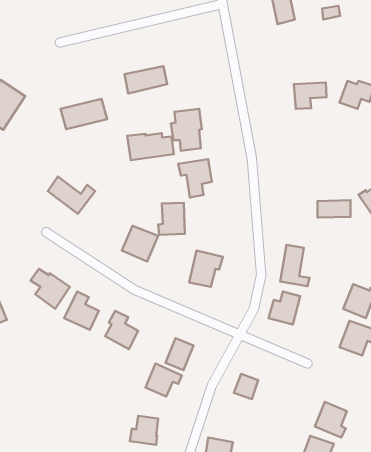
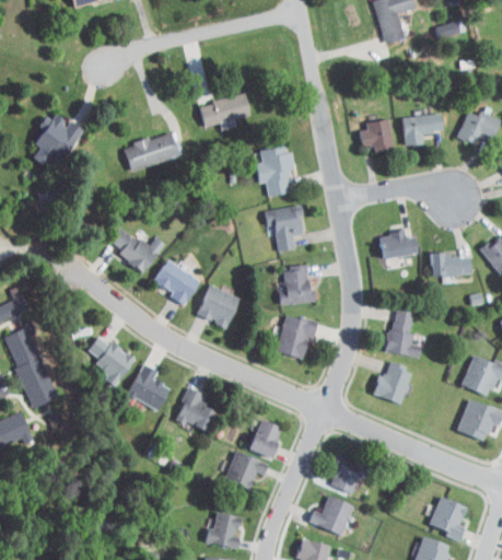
building: none -> [359,118,394,152]
building: [127,133,174,160] -> none
building: none -> [380,231,418,258]
building: [158,203,185,235] -> [279,266,311,304]
building: none -> [153,259,200,306]
building: none -> [308,497,353,536]

